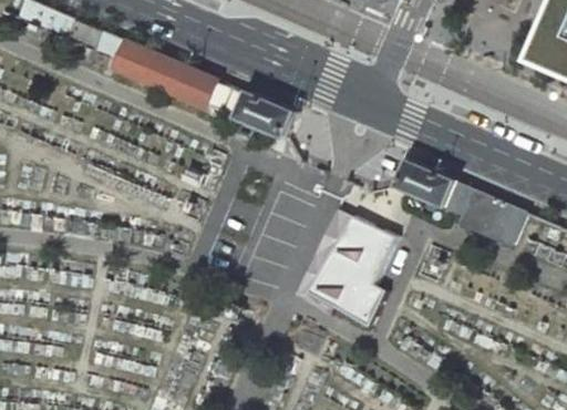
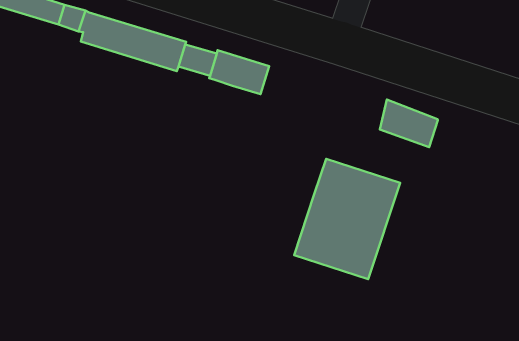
building: [441,181,522,244] -> none

